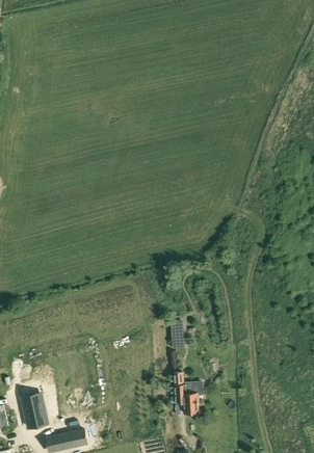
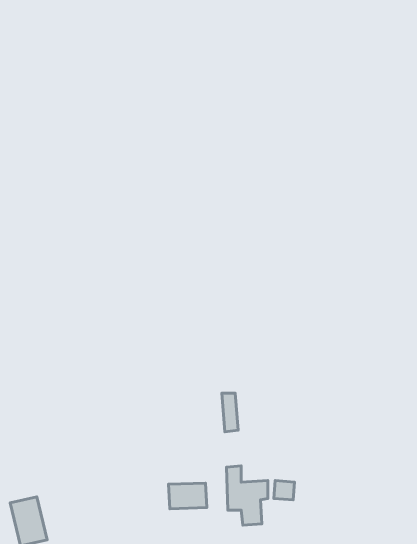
building: none -> [169,483,207,509]

